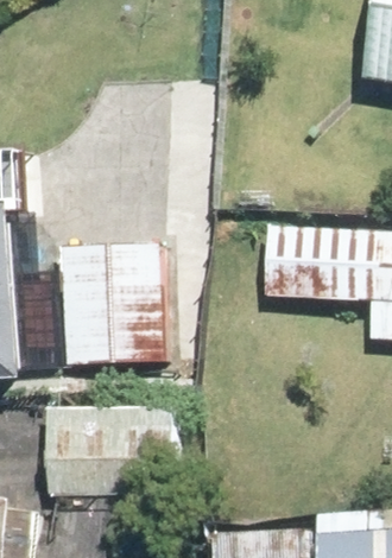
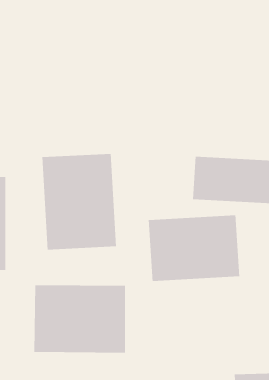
building: none -> [148,214,240,282]

